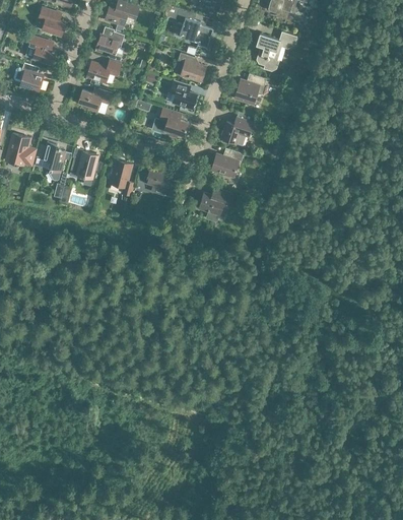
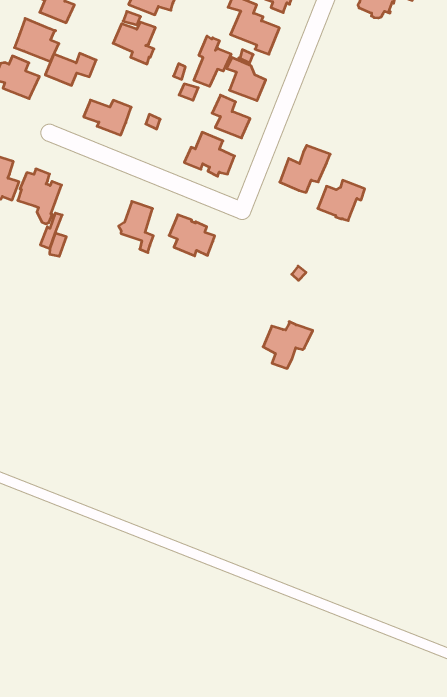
building: [255,30,296,71] -> none
building: none -> [194,36,231,86]
building: [85,59,121,82] -> [45,53,96,85]
building: [233,74,266,104] -> none
building: [210,148,243,177] -> [318,180,365,221]
building: [68,150,98,179] -> none
building: [198,188,232,221] -> [263,322,313,368]

